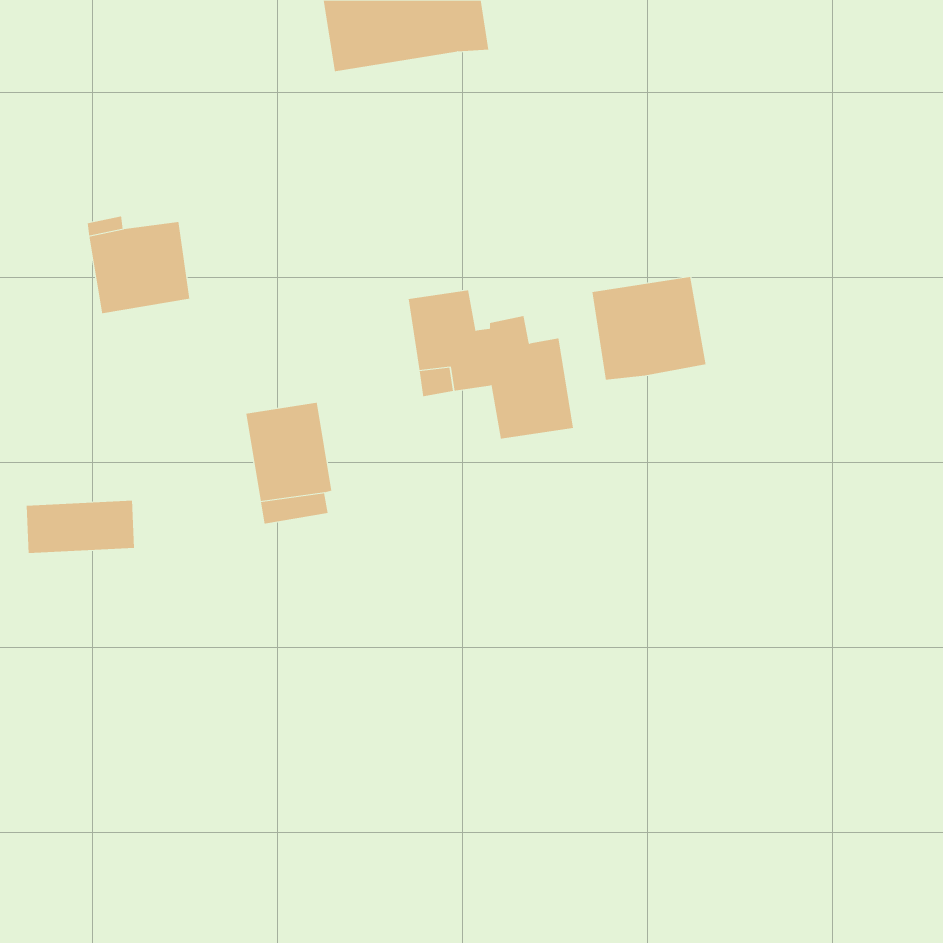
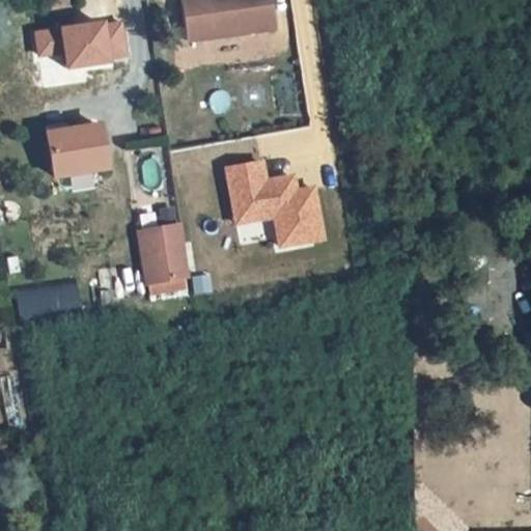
building: none -> [37,23,130,67]
building: [592,276,706,381] -> none

